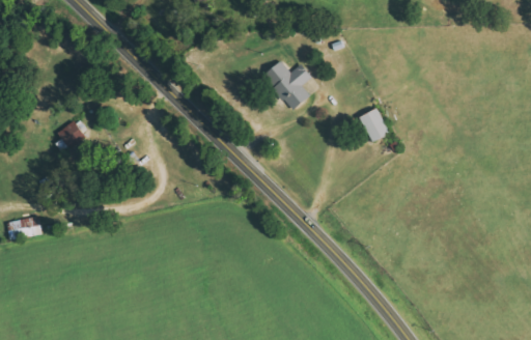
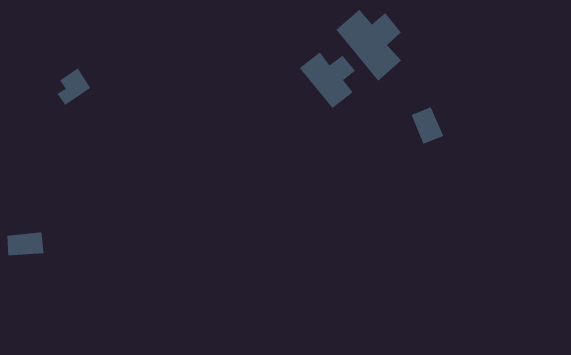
building: none -> [335,9,402,81]
building: [55,120,85,153] -> [57,67,91,106]

